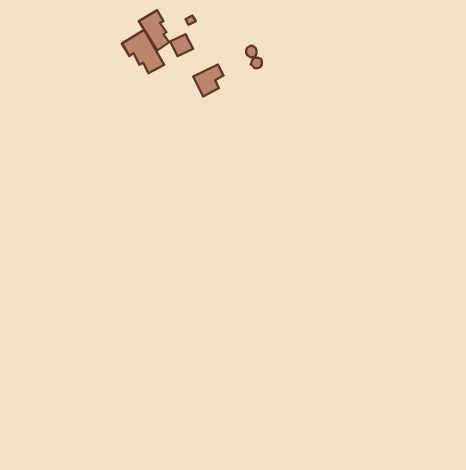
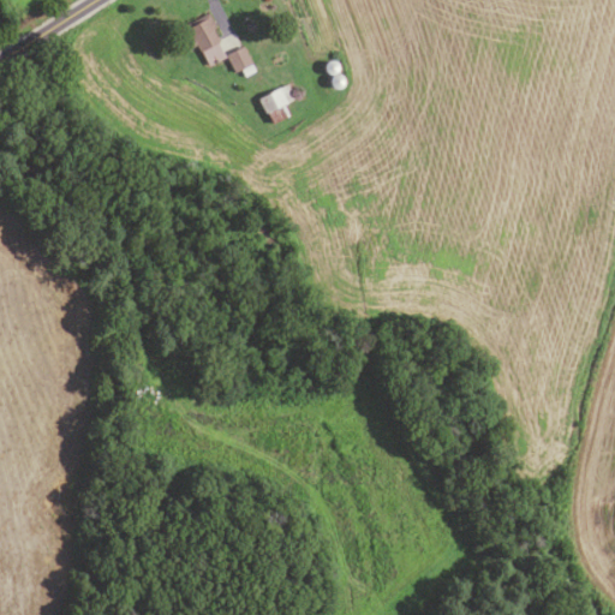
building: [122,30,164,73] -> none

